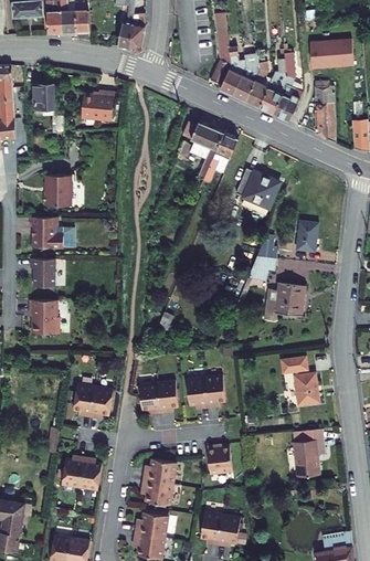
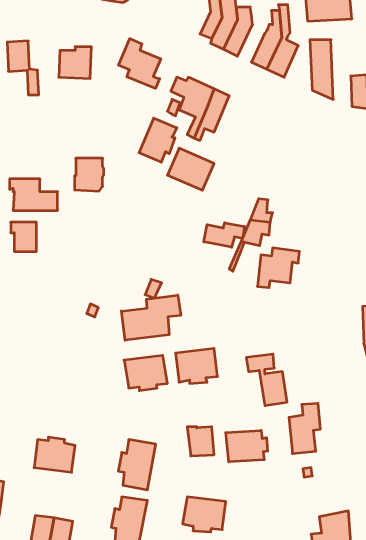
building: [247,61,273,106] -> none
building: none -> [119,39,161,88]
building: none -> [139,118,177,162]
building: [237,167,282,207] -> [167,148,214,190]
building: [46,174,74,205] -> [75,158,104,191]
building: [298,220,320,251] -> none
building: none -> [204,223,244,247]
building: [32,299,62,332] -> none
building: none -> [121,295,181,340]
building: [283,356,321,404] -> [246,354,287,406]
building: [65,388,104,422] -> none
building: none -> [226,430,268,462]

